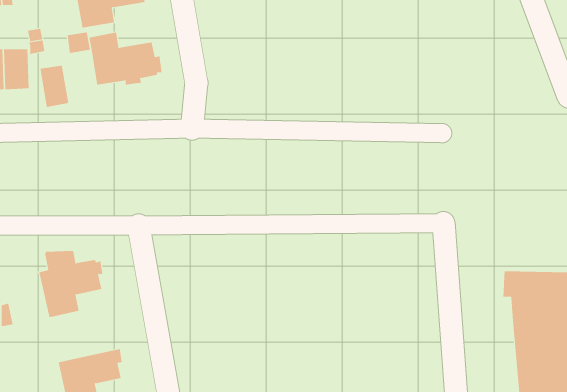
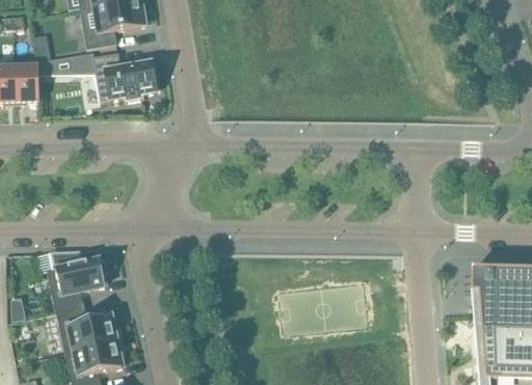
building: [40,65,69,108] -> none
building: none -> [56,304,122,351]

